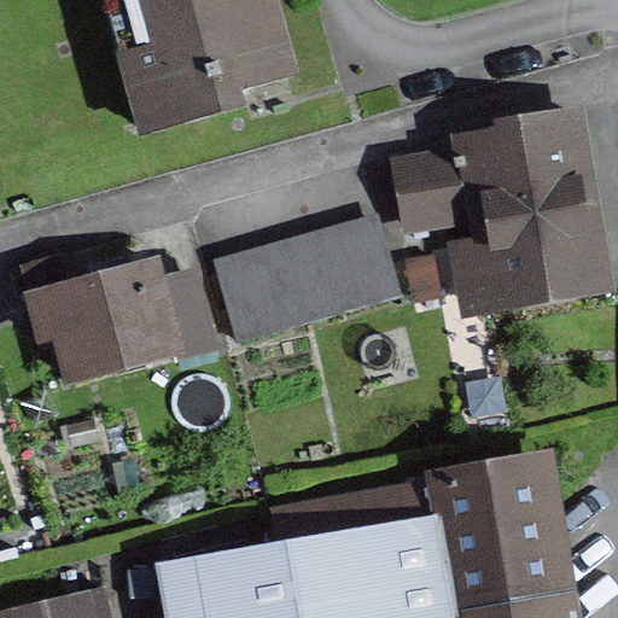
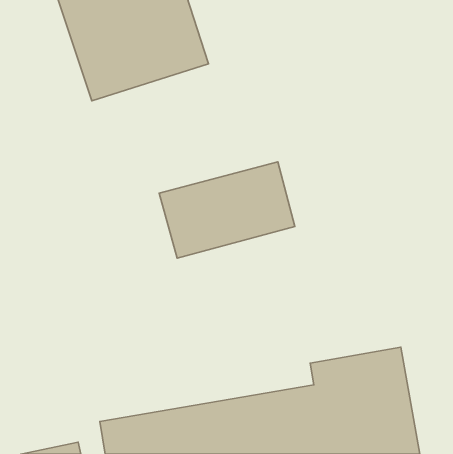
building: [407,105,608,304] -> none
building: [27,251,215,386] -> none

